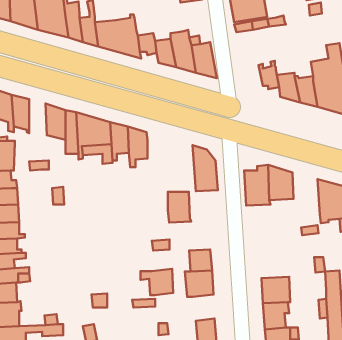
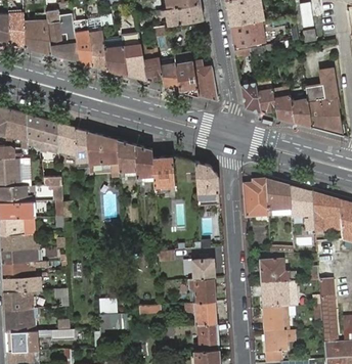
building: none -> [240,81,262,112]
building: none -> [43,119,59,152]
building: none -> [289,187,314,226]
building: [168,192,191,223] -> [153,156,175,185]
building: none -> [258,261,295,285]
building: [140,269,173,295] -> [185,301,216,325]

